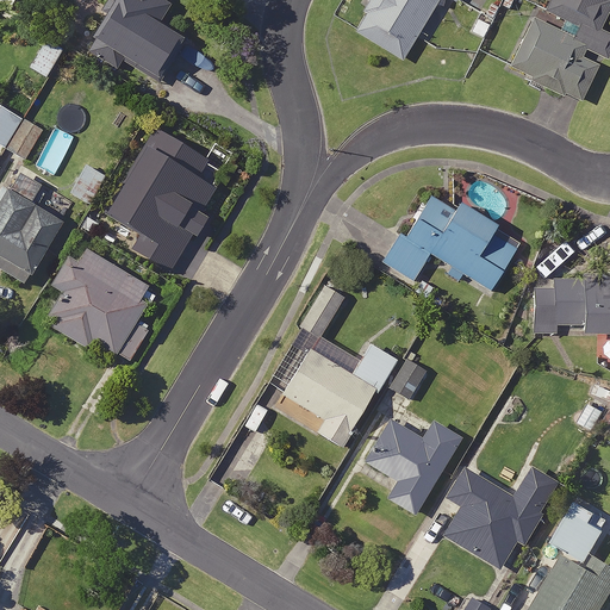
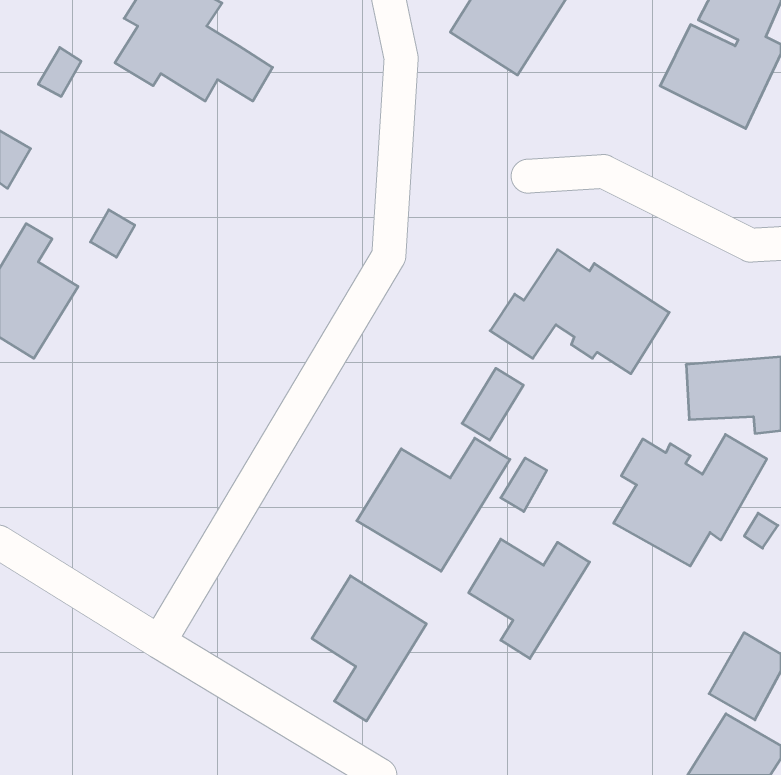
building: [107,129,224,278] -> none
building: [48,244,156,359] -> none
building: [299,281,347,337] -> [462,368,523,440]
building: none -> [312,576,426,721]
building: [440,463,559,566] -> [614,434,767,566]

